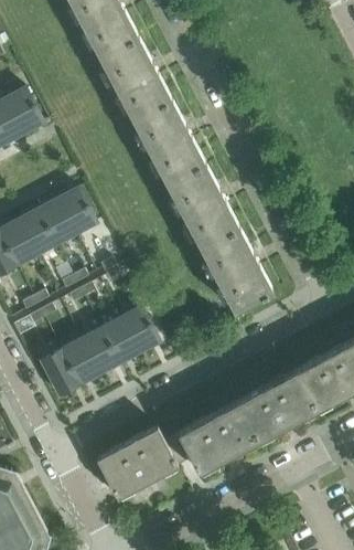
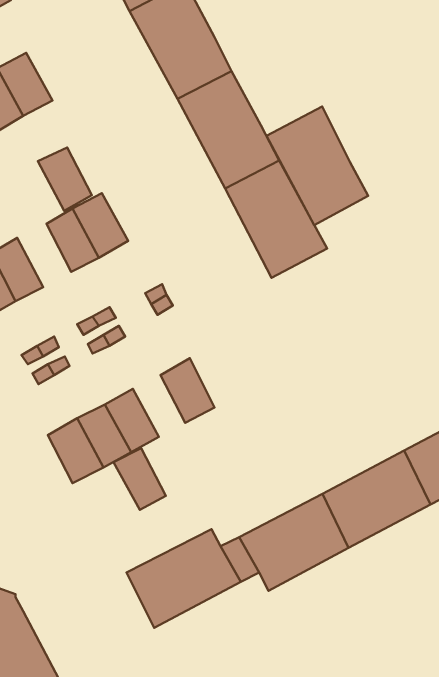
building: [18,209,56,254] -> [38,147,92,211]
building: [200,226,272,311] -> [266,106,368,225]
building: [100,317,138,361] -> [113,448,166,510]

